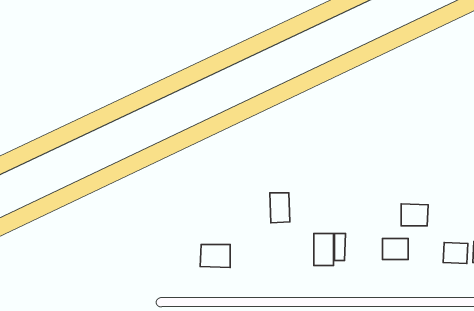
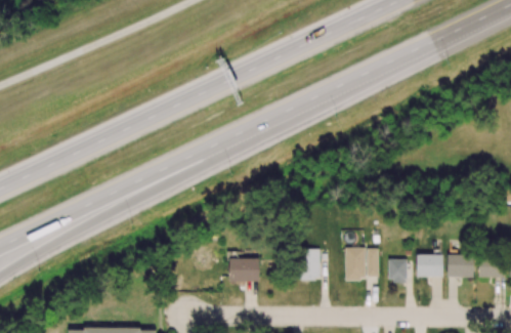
building: [270,193,290,223] -> [300,250,321,281]
building: [401,204,428,226] -> [446,255,474,278]
building: none -> [388,260,407,283]

